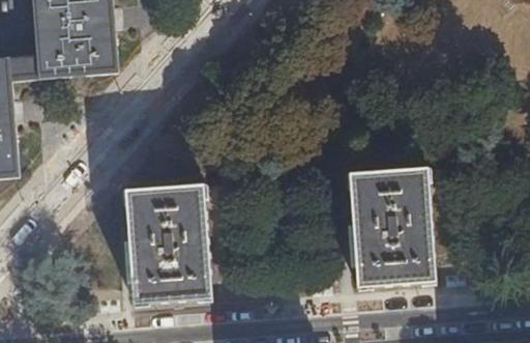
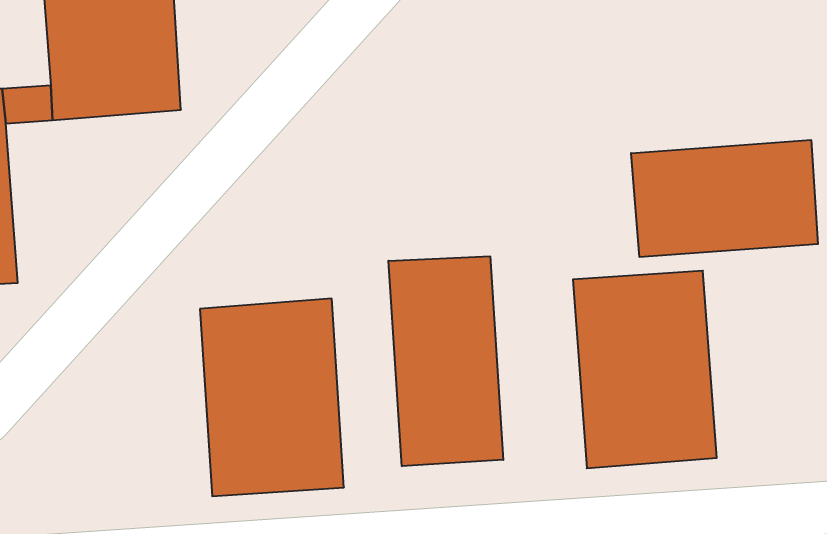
building: none -> [631,140,818,257]
building: none -> [388,256,503,466]

